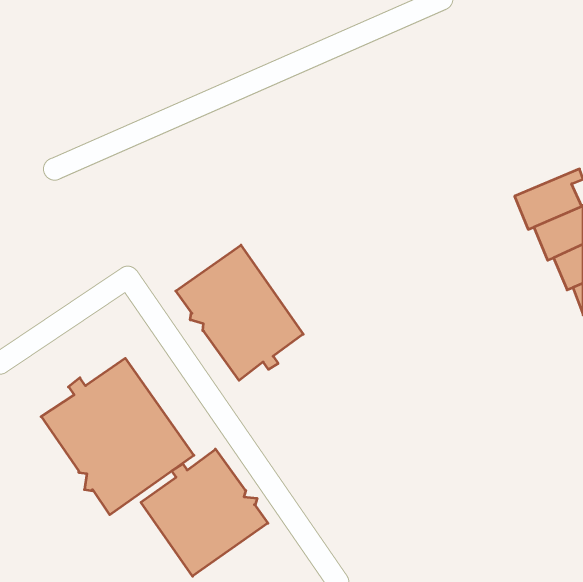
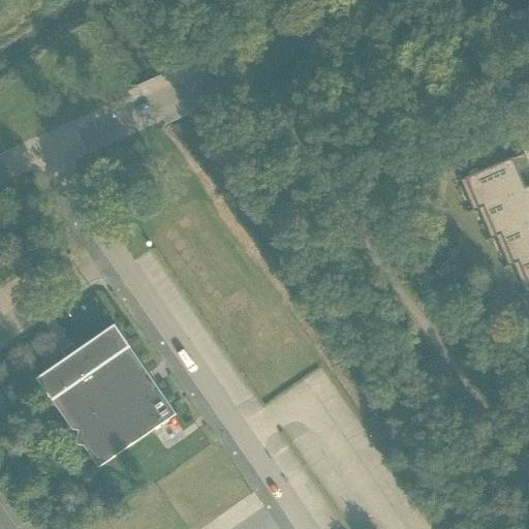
building: [176,245,303,380] -> none
building: [141,449,268,576] -> none

